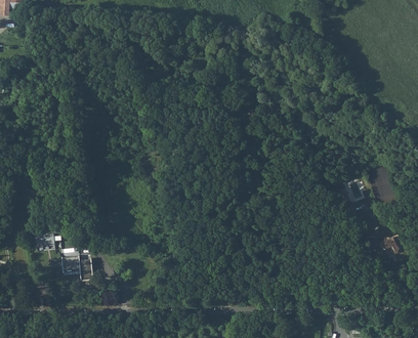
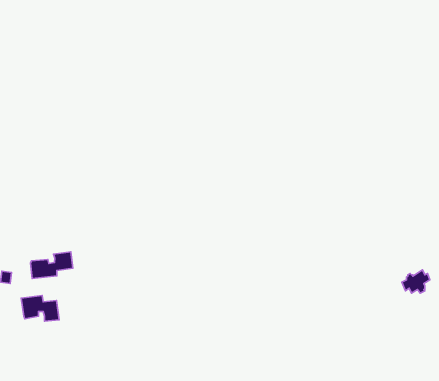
building: none -> [31,252,73,279]

